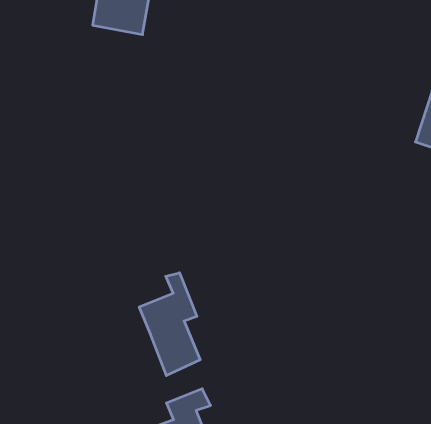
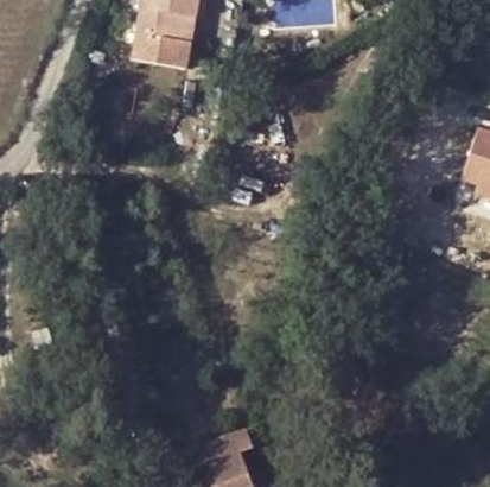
building: [139,273,200,376] -> none

